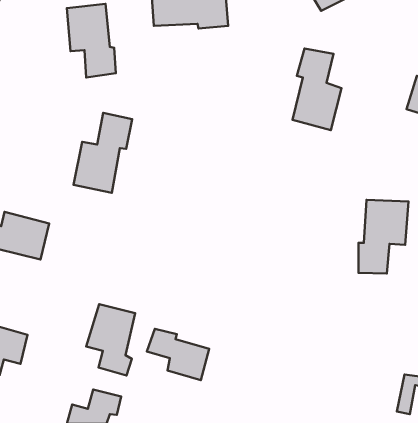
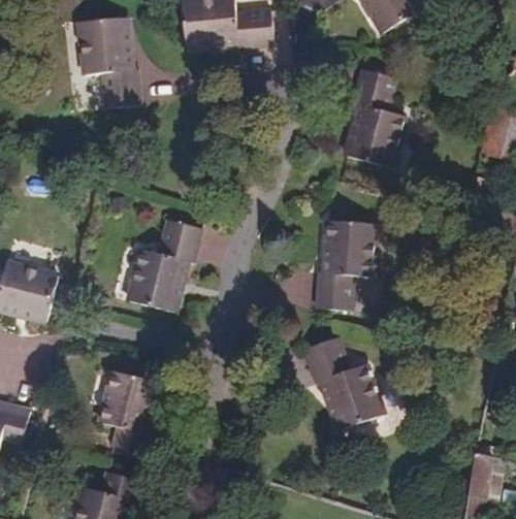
building: [73,113,132,193] -> [128,217,197,311]
building: [359,200,409,274] -> [318,218,377,304]
building: none -> [303,342,388,434]
building: [147,329,209,380] -> none

